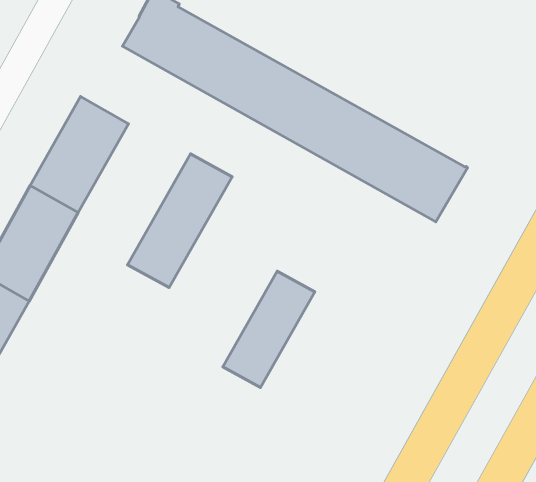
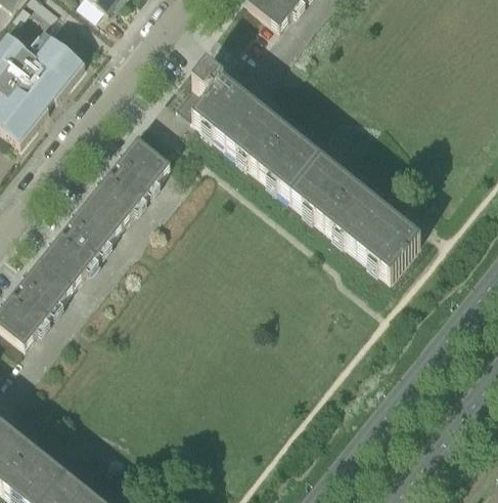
building: [127,154,232,288] -> none
building: [223,271,315,387] -> none

